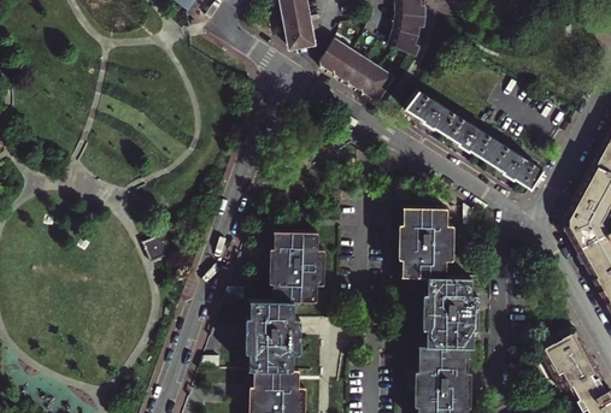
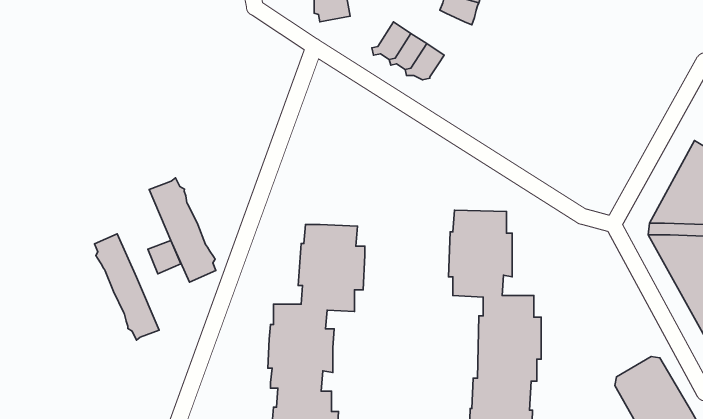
building: [321,40,352,72] -> none
building: [404,89,544,189] -> none
building: none -> [149,178,216,282]
building: none -> [94,234,159,340]

